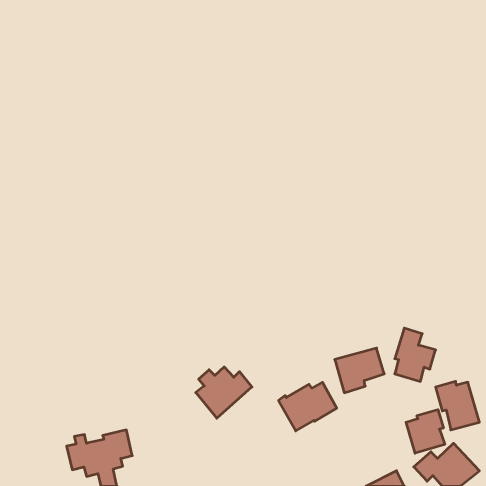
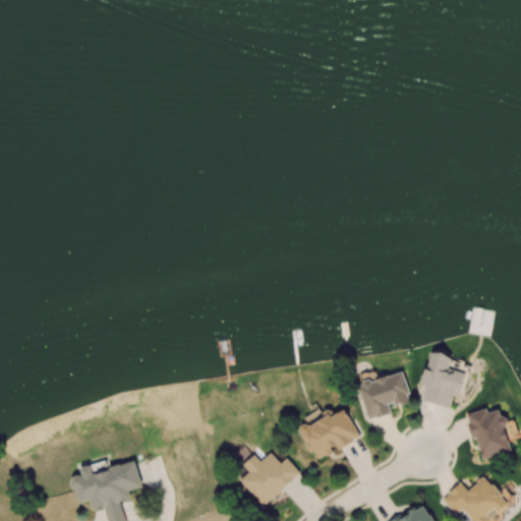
building: [196,367,252,418] -> [240,452,300,507]
building: [406,410,445,453] -> none

